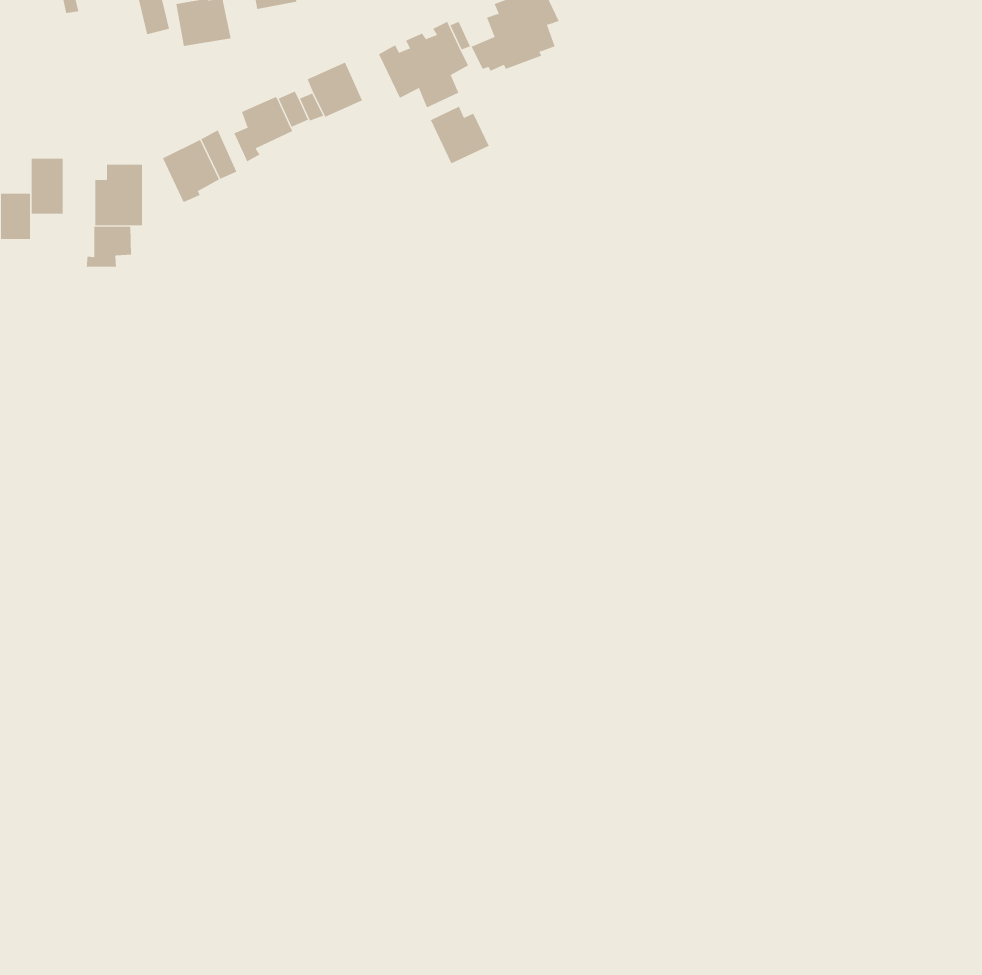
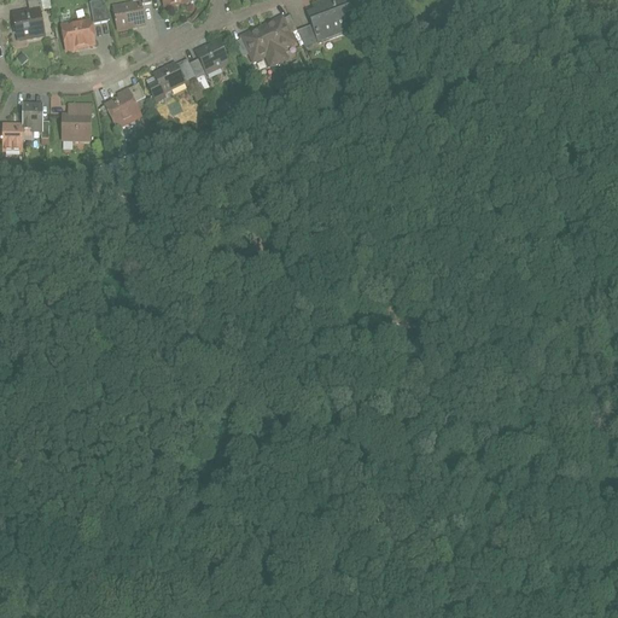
building: none -> [12,6,46,41]
building: none -> [59,16,97,51]
building: [430,106,489,164] -> none
building: [86,226,132,267] -> none

